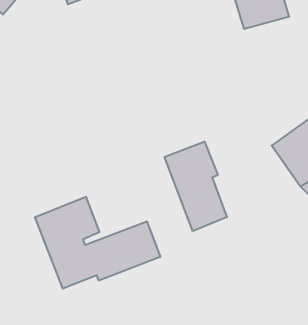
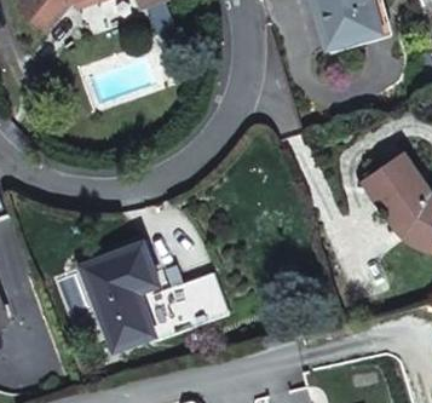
building: [165,142,227,231] -> none

